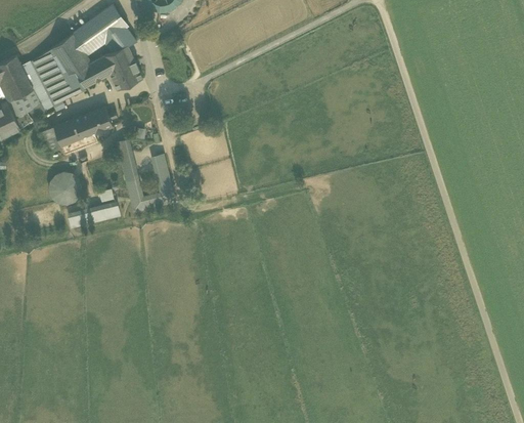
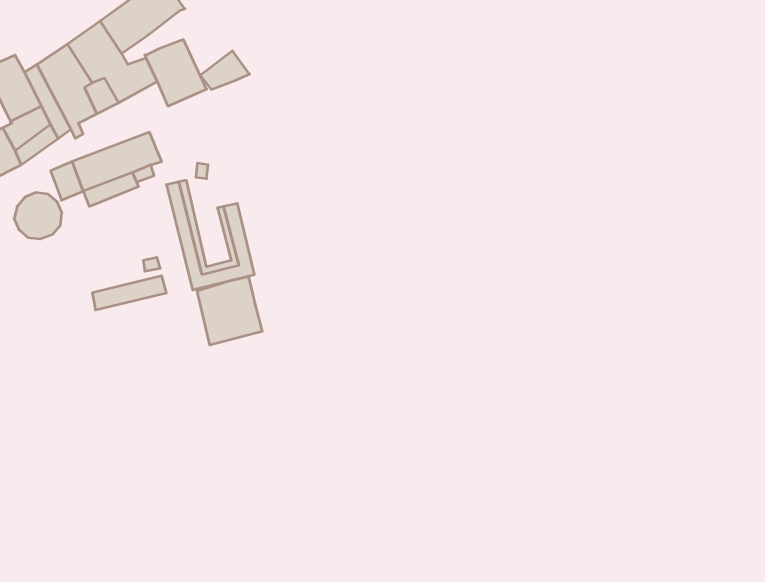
building: [103,27,136,52] -> [200,51,250,89]
building: [48,173,80,204] -> [14,193,62,239]
building: none -> [197,276,262,345]

